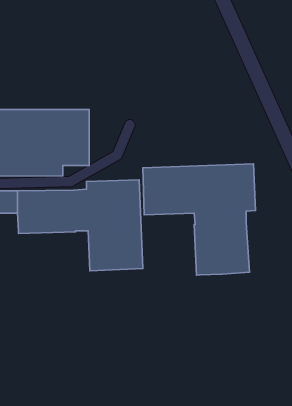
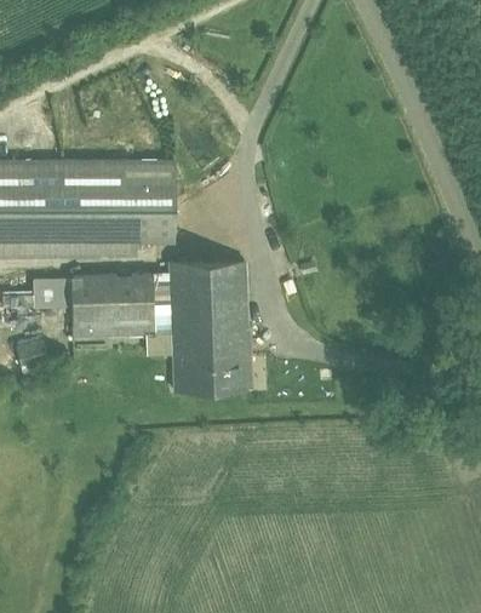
building: [143,164,256,275] -> none

